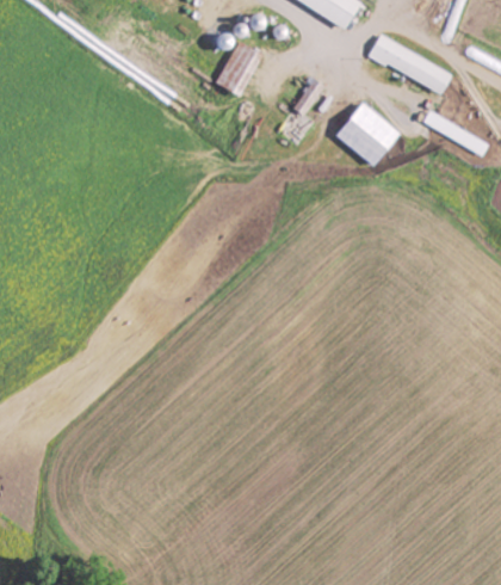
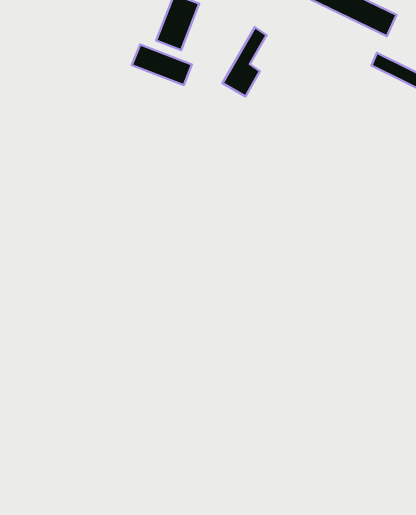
building: none -> [132,45,192,85]
building: [334,101,398,165] -> none

